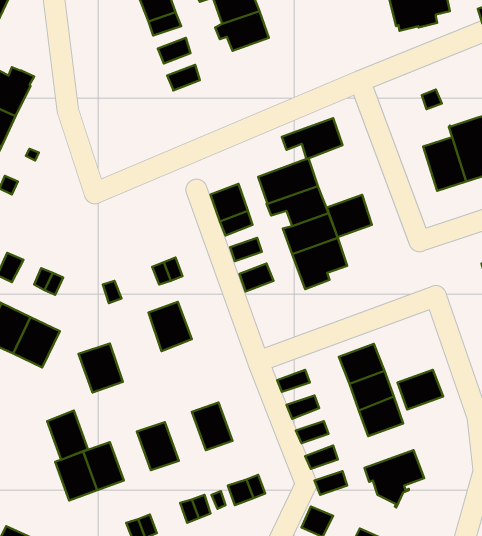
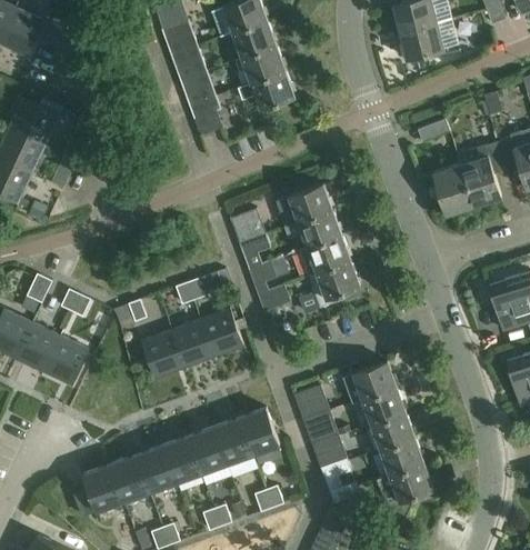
building: [282,118,343,159] -> [237,70,294,109]
building: [327,195,372,237] -> none
building: none -> [199,310,242,357]
building: [78,343,123,392] -> [141,331,183,378]
building: [398,370,443,409] -> [380,437,423,474]
building: none -> [238,407,278,453]
building: [47,411,88,460] -> [134,444,173,491]
building: none -> [187,426,226,472]

